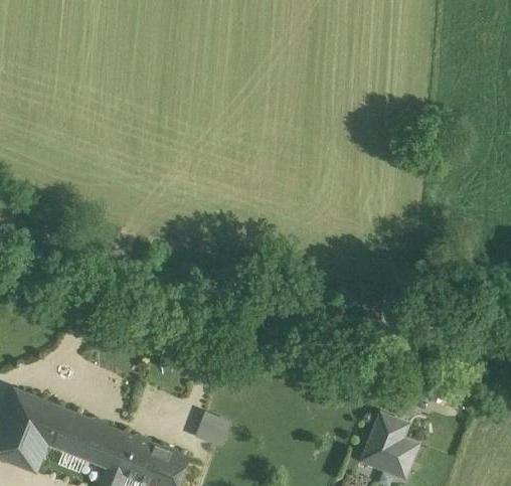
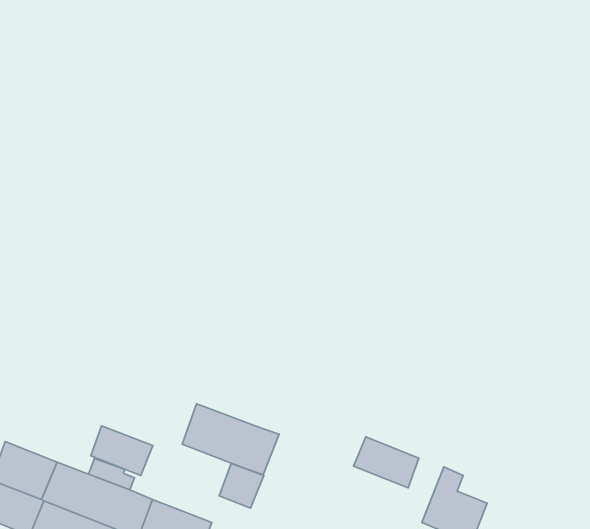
building: none -> [182,404,279,475]
building: none -> [91,426,153,476]
building: none -> [353,437,419,488]

